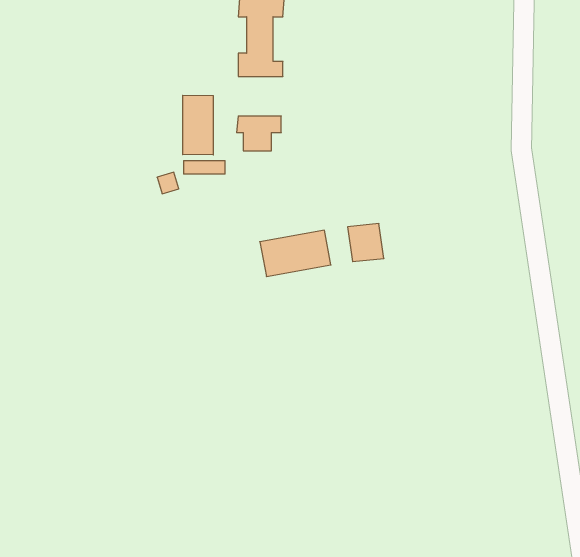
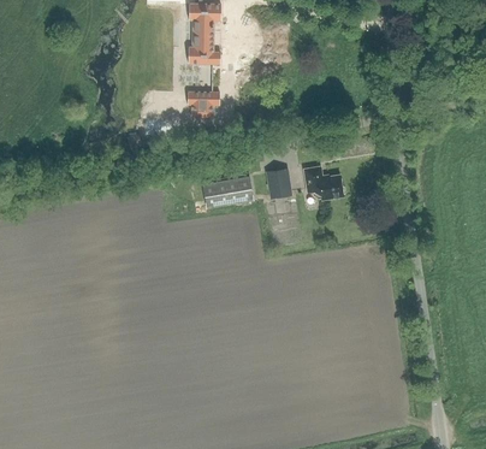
building: [183,95,213,155] -> none
building: none -> [302,166,344,200]

